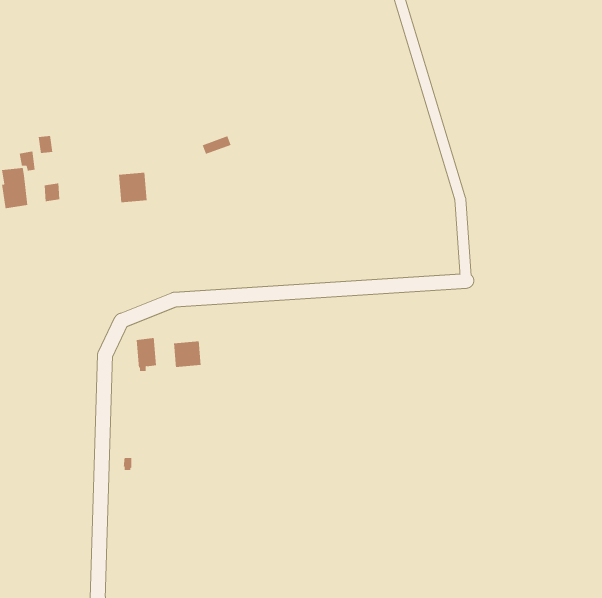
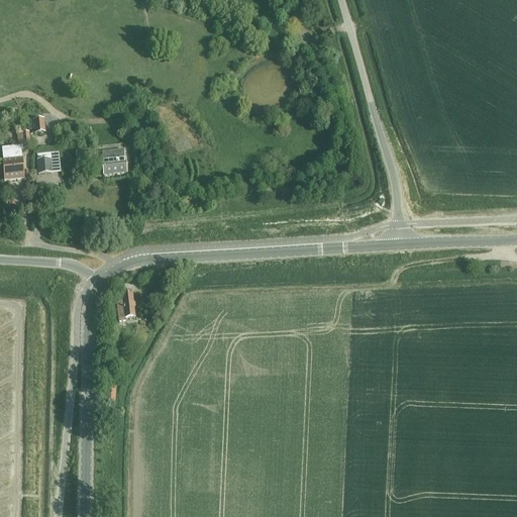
building: [174,341,201,368] -> none

